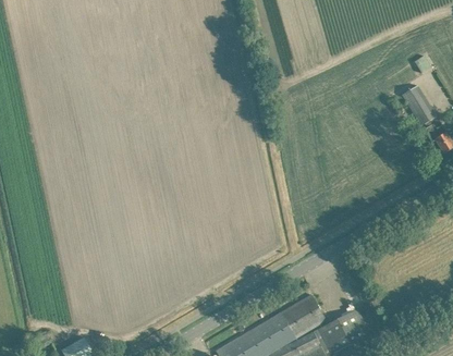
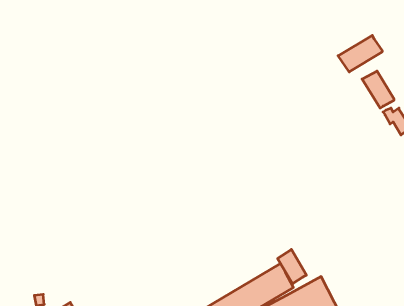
building: none -> [338,35,382,72]
building: none -> [278,249,306,284]

